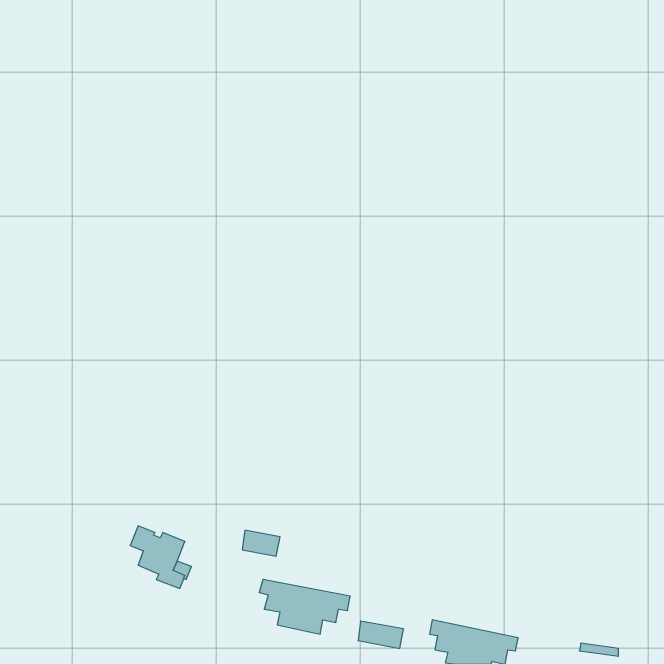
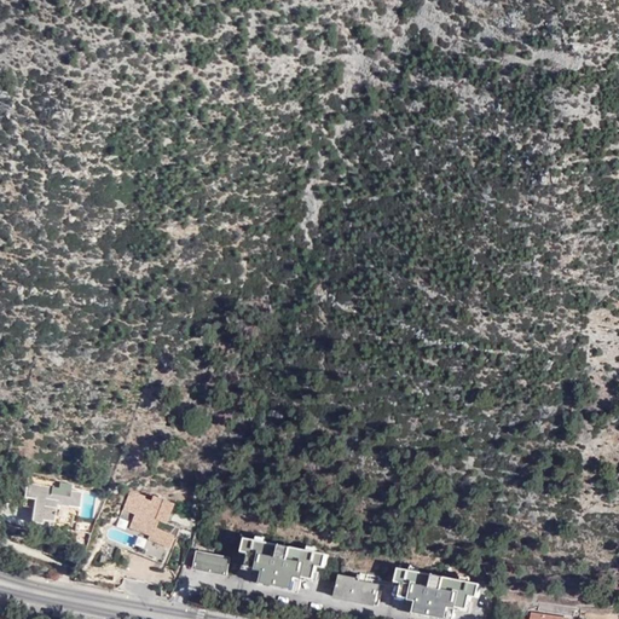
building: none -> [22,480,79,523]
building: [242,530,280,556] -> [193,550,228,574]

